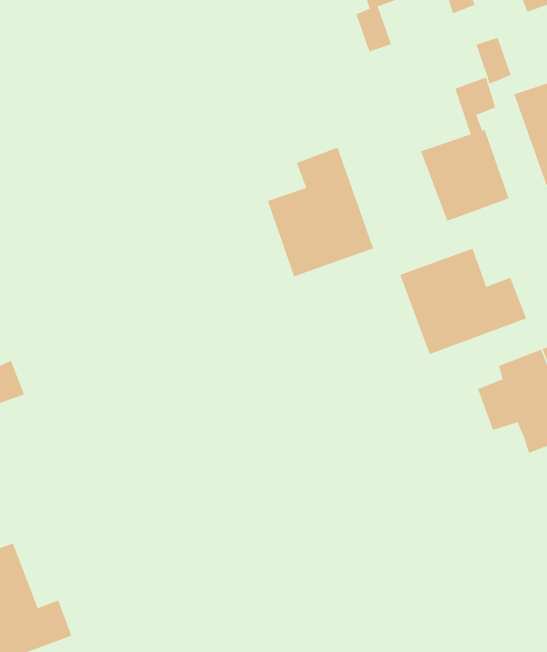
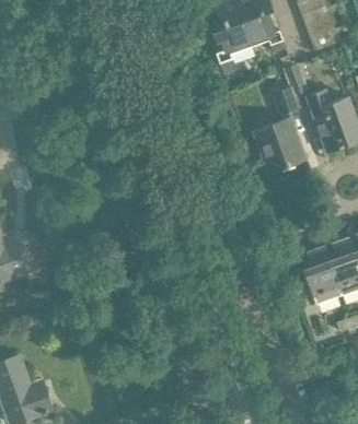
building: [267,147,374,277] -> none
building: [400,248,527,355] -> none

